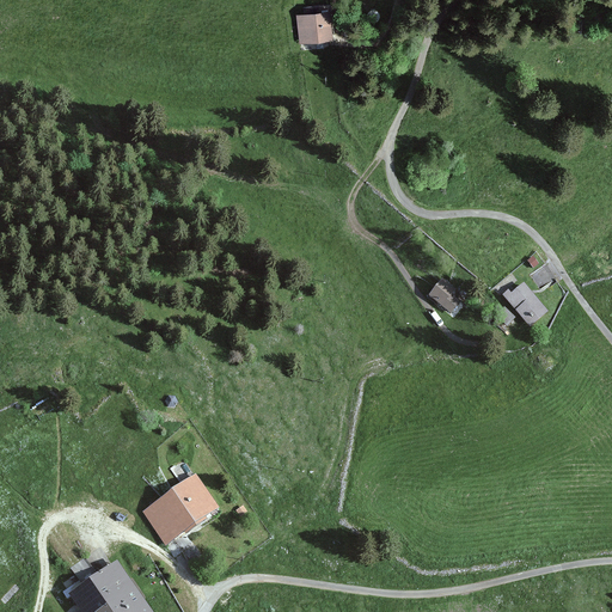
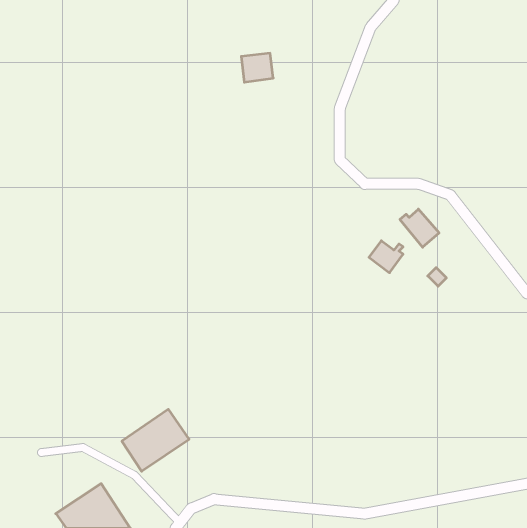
building: [295,12,332,45] -> [241,53,273,82]
building: [503,284,549,329] -> [400,209,439,247]

